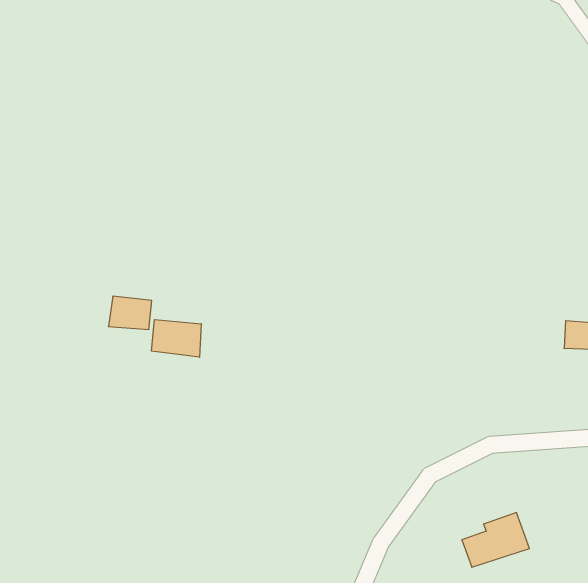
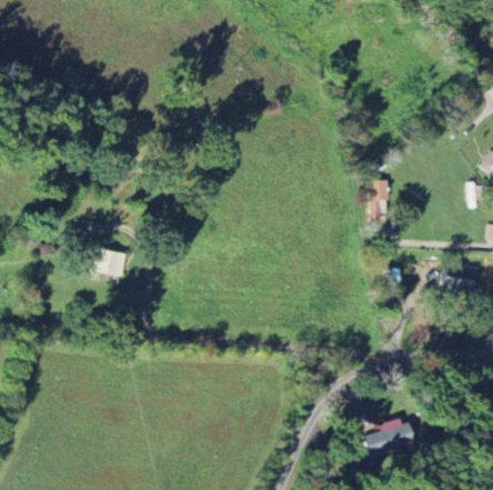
building: none -> [369,180,386,220]
building: [151,320,201,357] -> none

